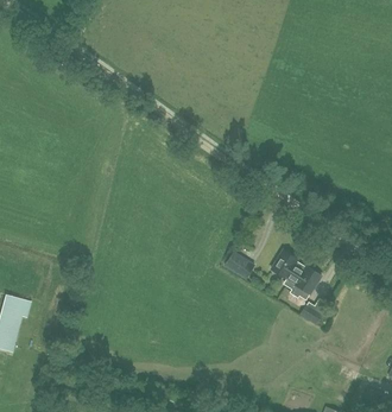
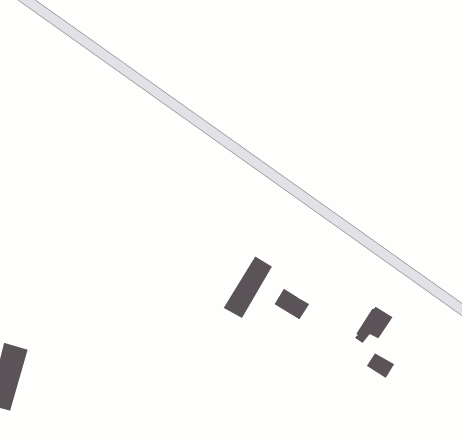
building: none -> [223,255,273,319]
building: [271,249,304,289] -> none

